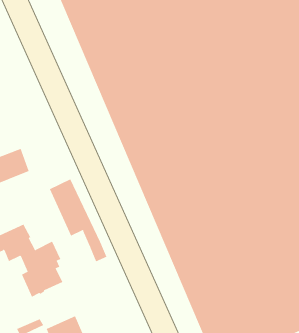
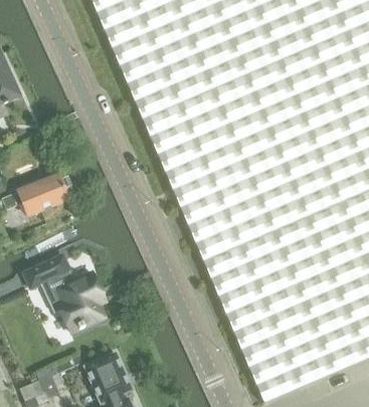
building: [49,178,107,262] -> none

